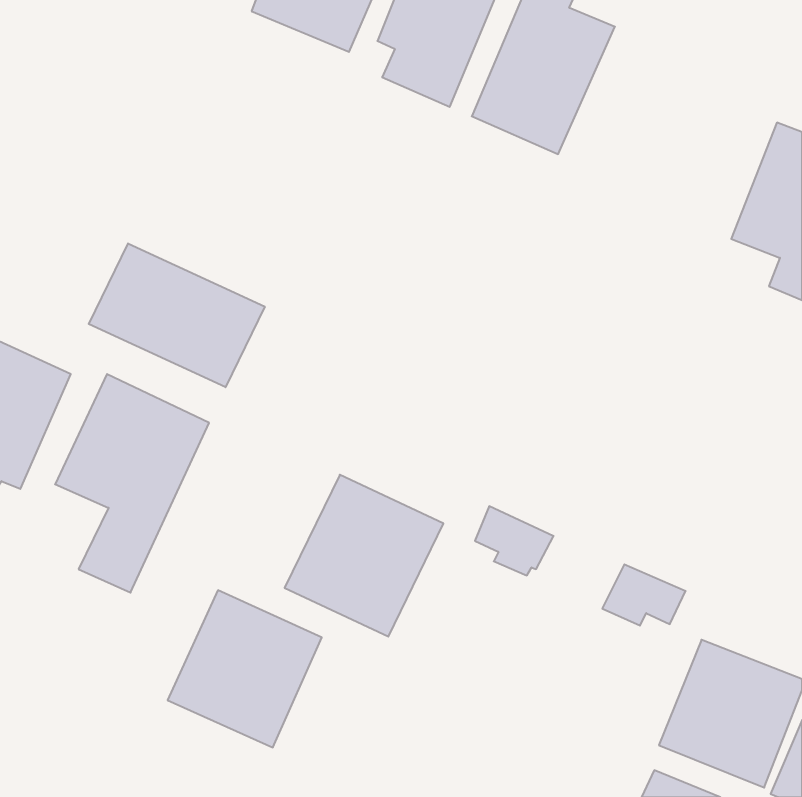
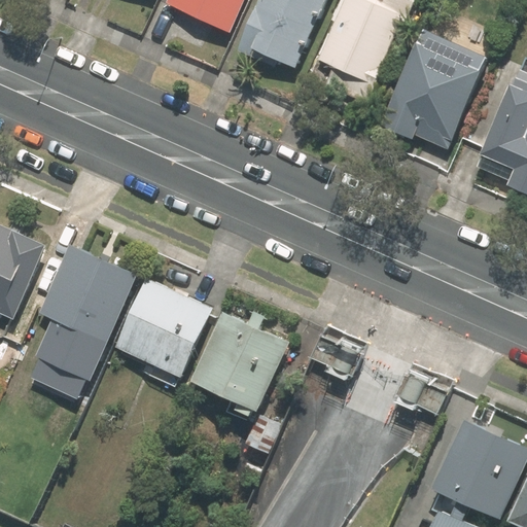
building: none -> [380,31,487,149]
building: [89,243,265,387] -> none
building: [168,590,322,747] -> [112,276,213,379]

